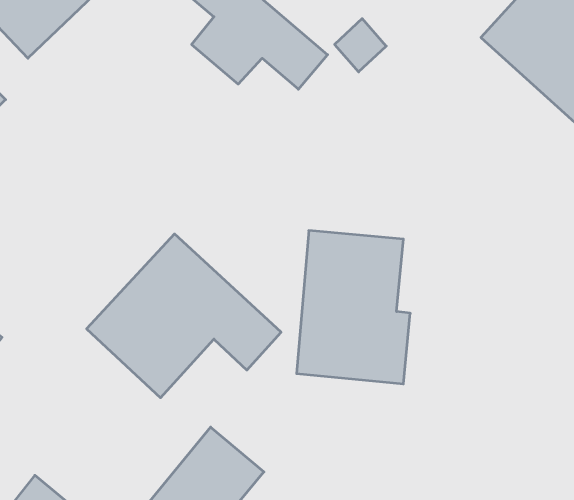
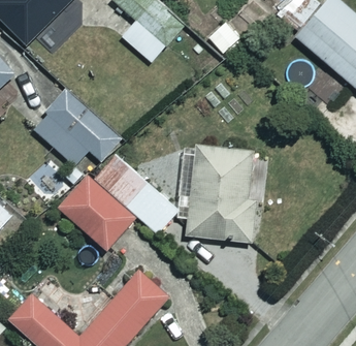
building: none -> [32,88,124,182]

